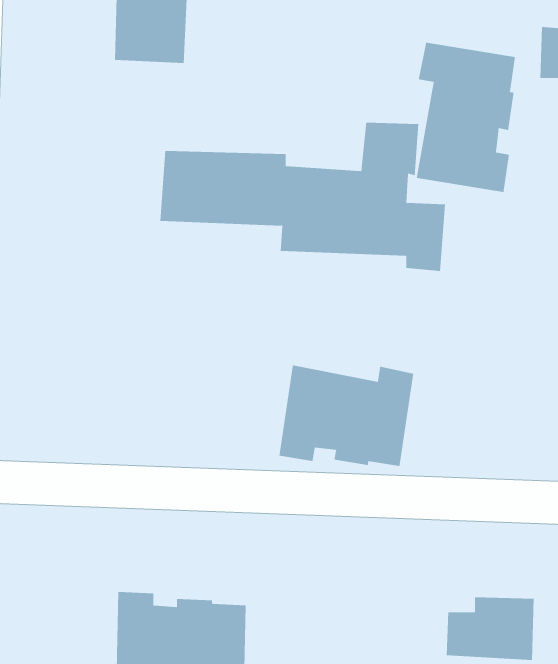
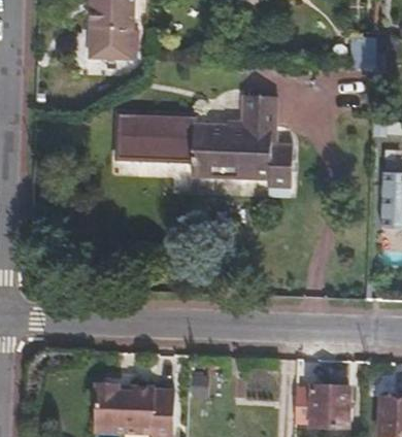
building: [416,42,515,193] -> none
building: [279,365,414,467] -> none

